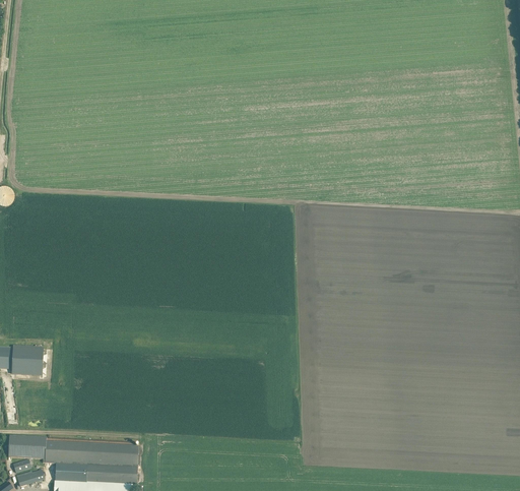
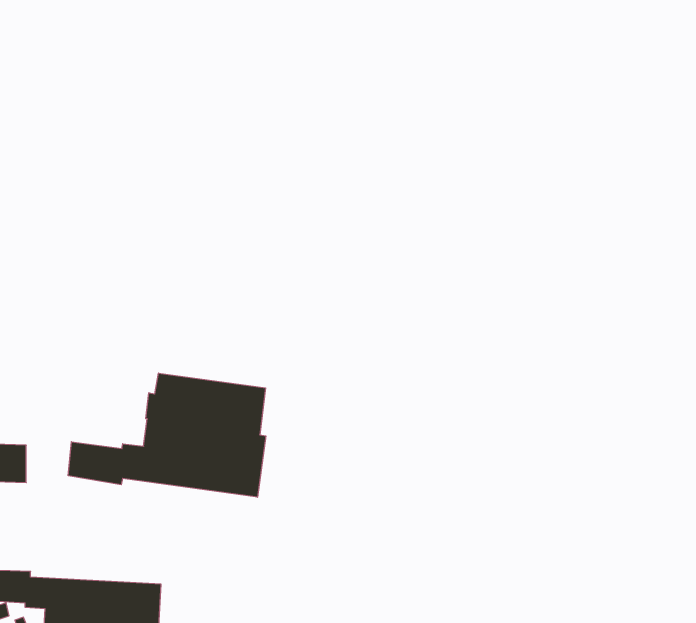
building: none -> [68,373,266,497]

